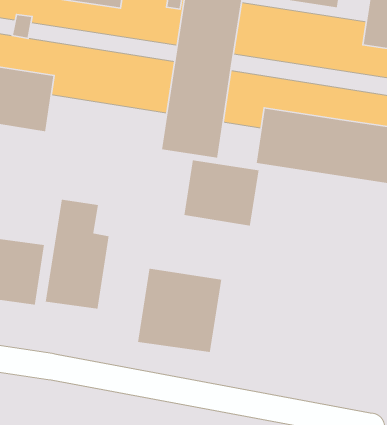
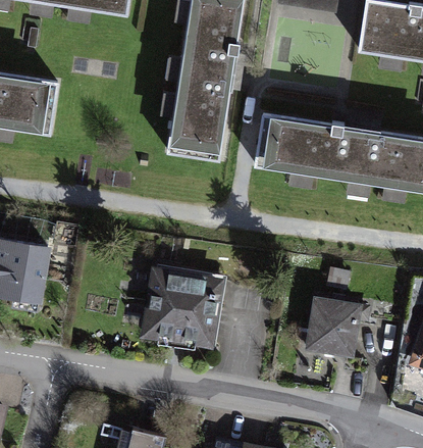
building: [184,159,259,227] -> none
building: [45,199,110,310] -> none
building: none -> [307,302,362,361]

